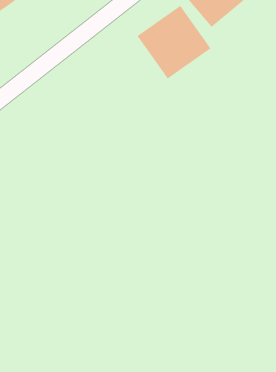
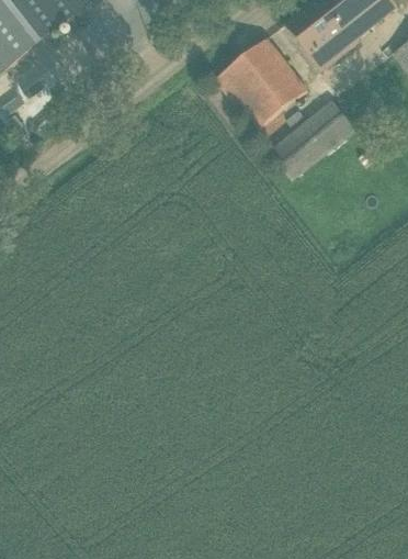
building: none -> [271,99,358,172]

